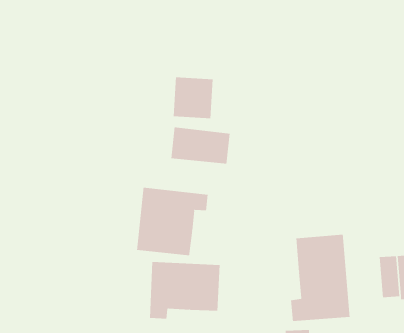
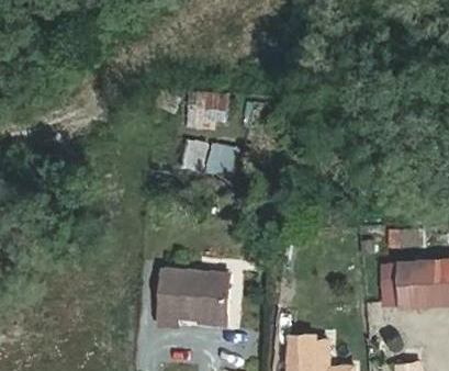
building: [136,187,208,256] -> none
building: [291,234,350,322] -> none

